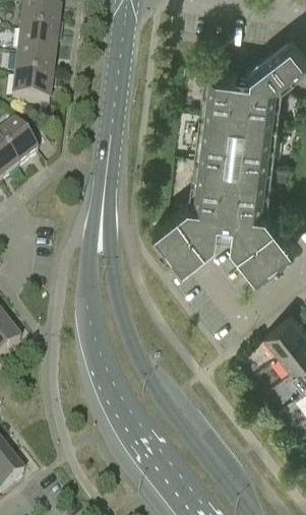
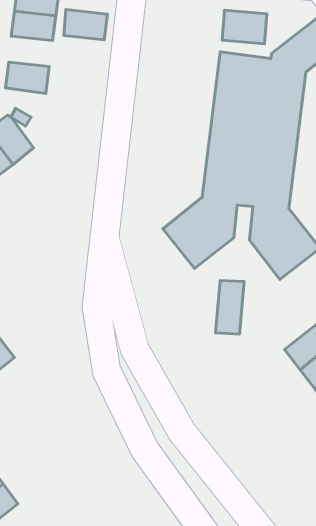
building: none -> [222,10,267,44]
building: [13,59,53,86] -> [64,10,108,40]
building: none -> [215,280,244,334]

